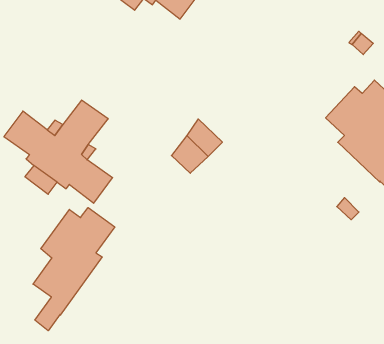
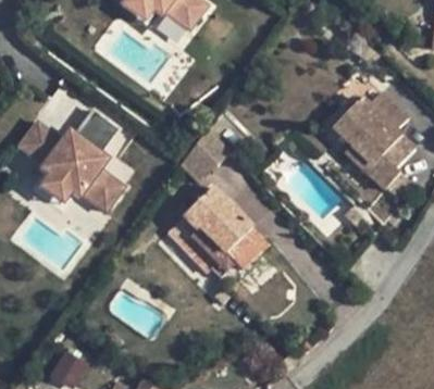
building: none -> [169,188,270,279]
building: [33,208,115,331] -> none

